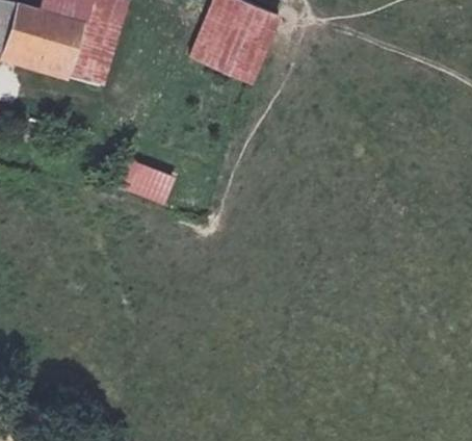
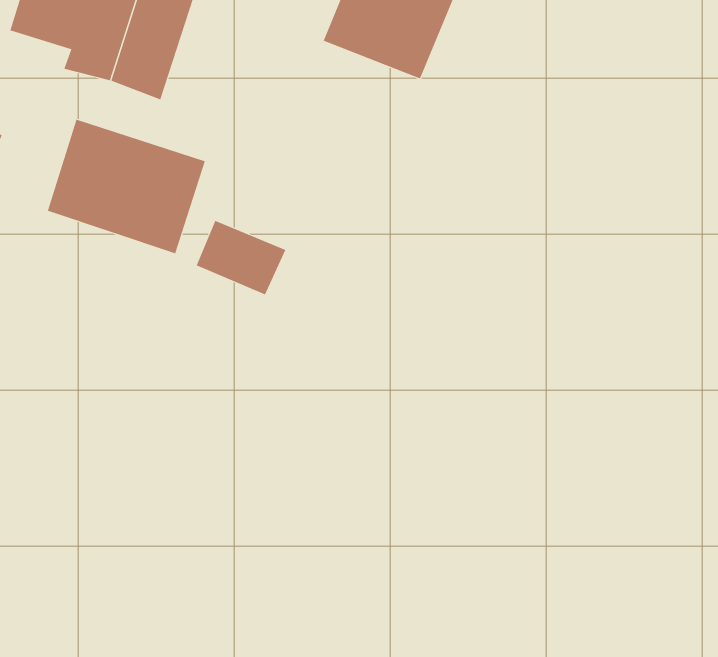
building: none -> [47,119,206,254]

